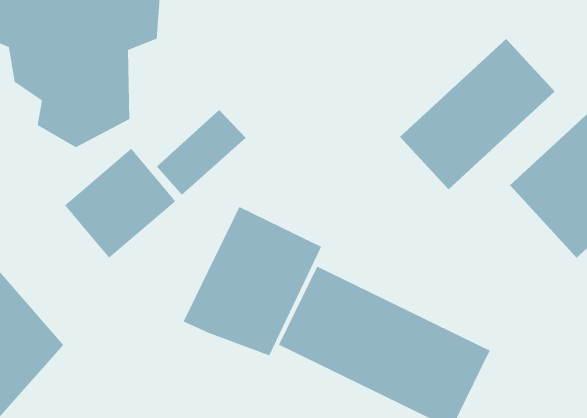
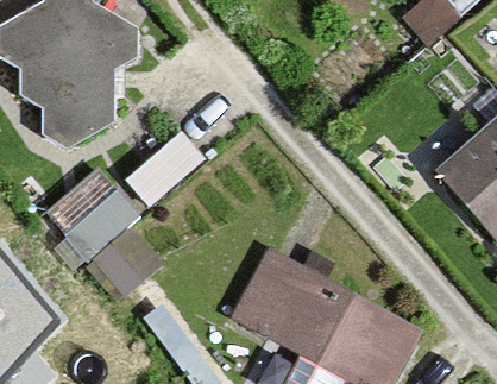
building: [399,38,555,190] -> none
building: [183,206,322,356] -> none

